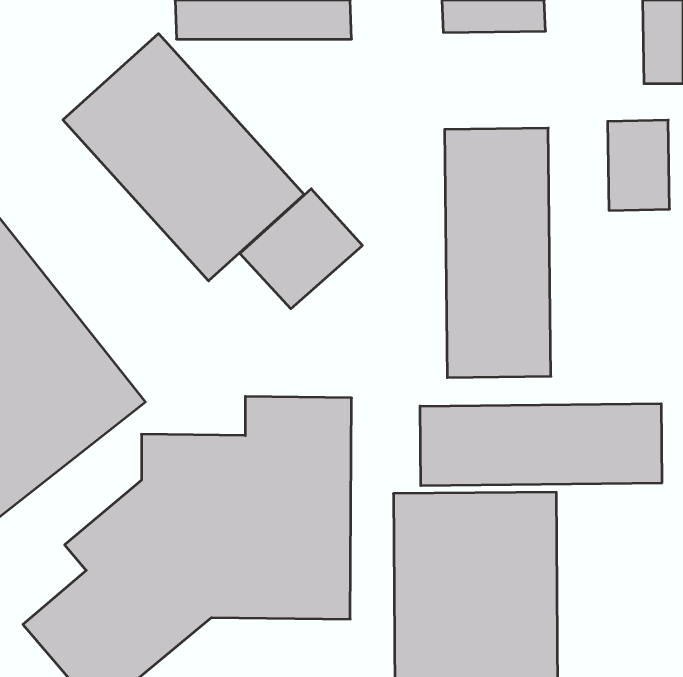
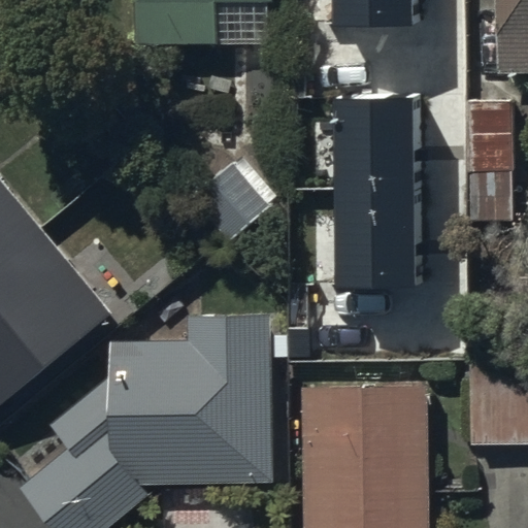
building: [63,34,304,281] -> none
building: [420,404,662,486] -> none

